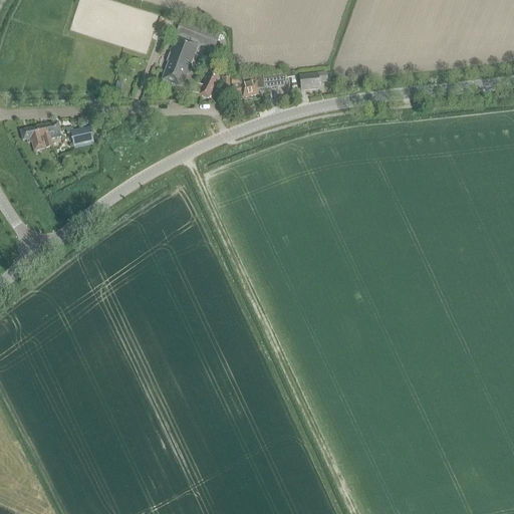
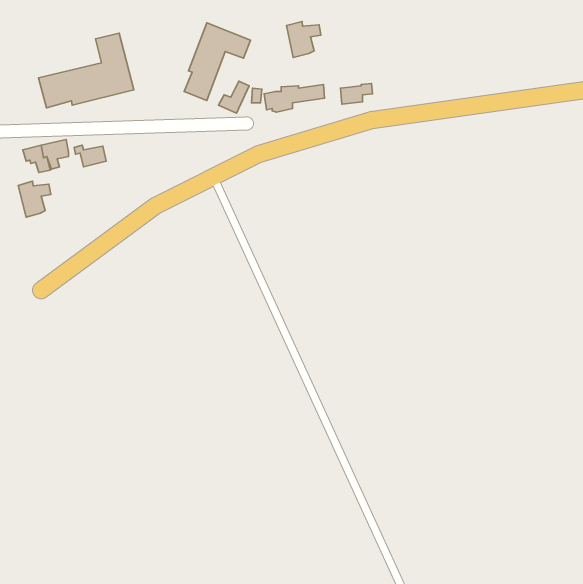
building: none -> [287,22,321,57]
building: none -> [38,33,134,108]
building: none -> [18,181,51,217]

